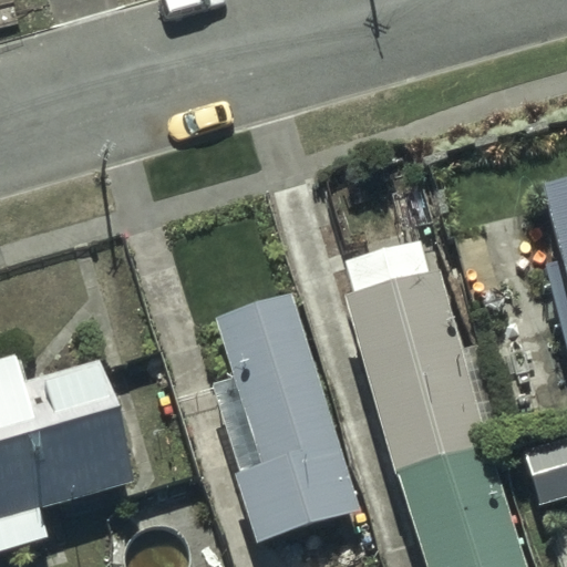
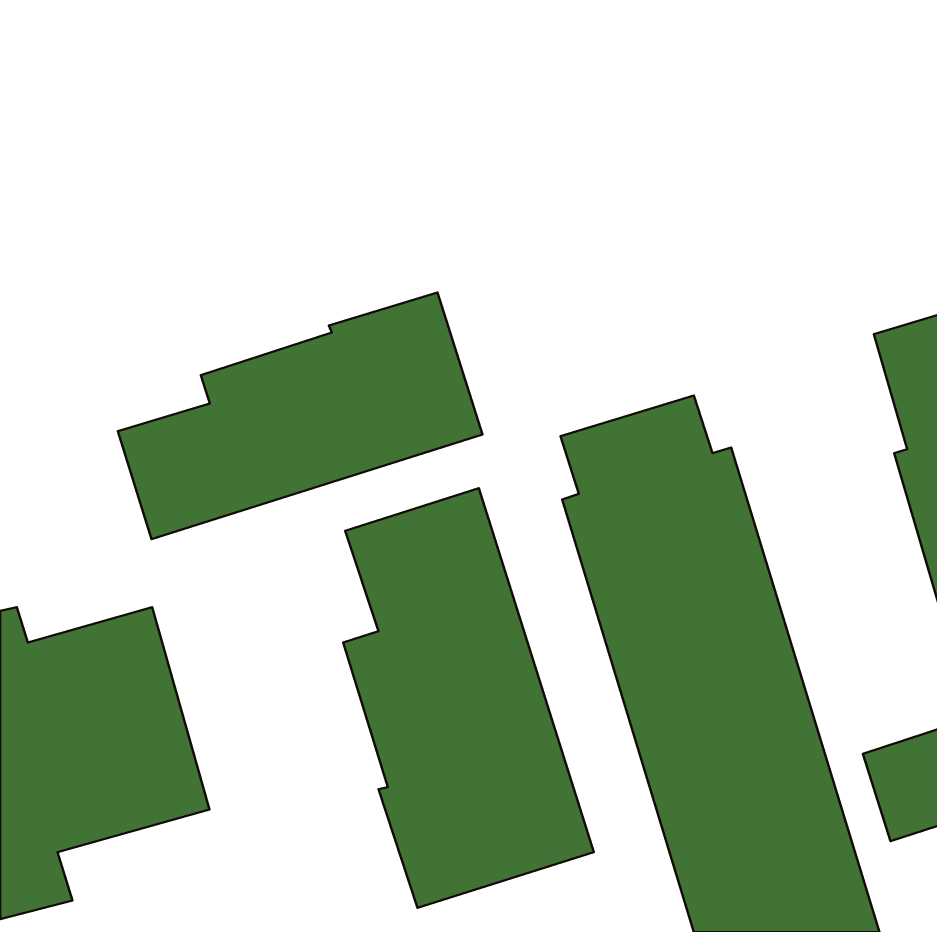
building: none -> [118,292,483,539]

